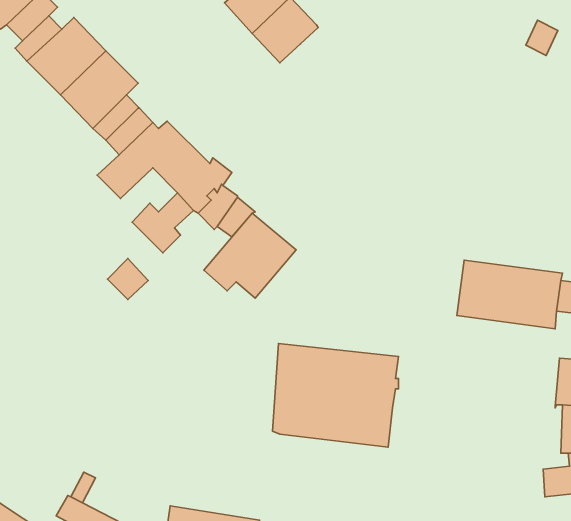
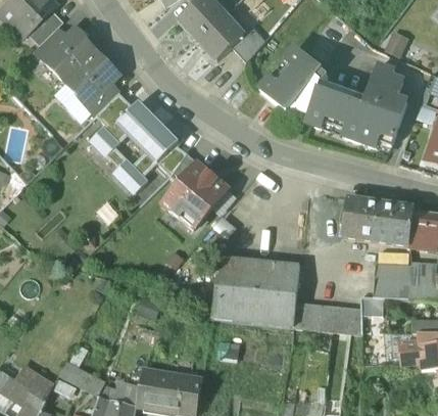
building: none -> [231,26,264,61]
building: none -> [259,48,406,147]
building: none -> [373,265,411,299]
building: none -> [292,301,361,334]

